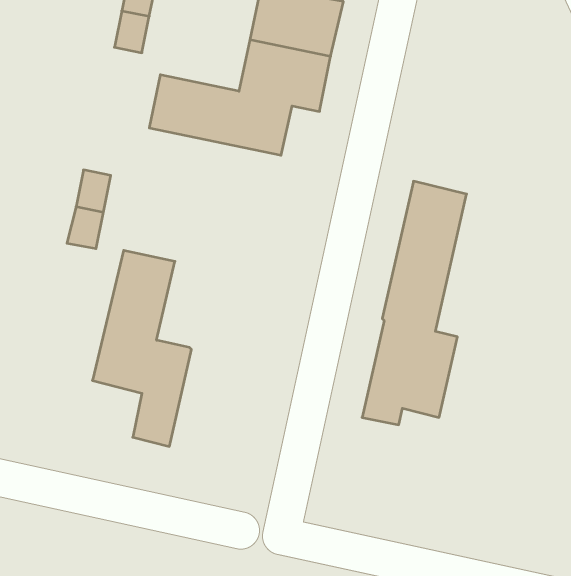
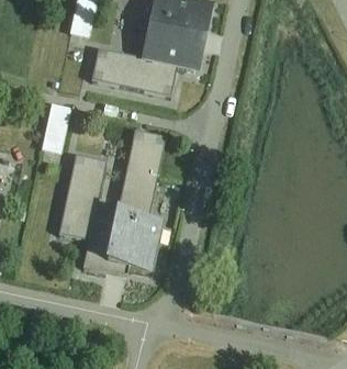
building: [362,181,467,425] -> [103,128,166,275]

